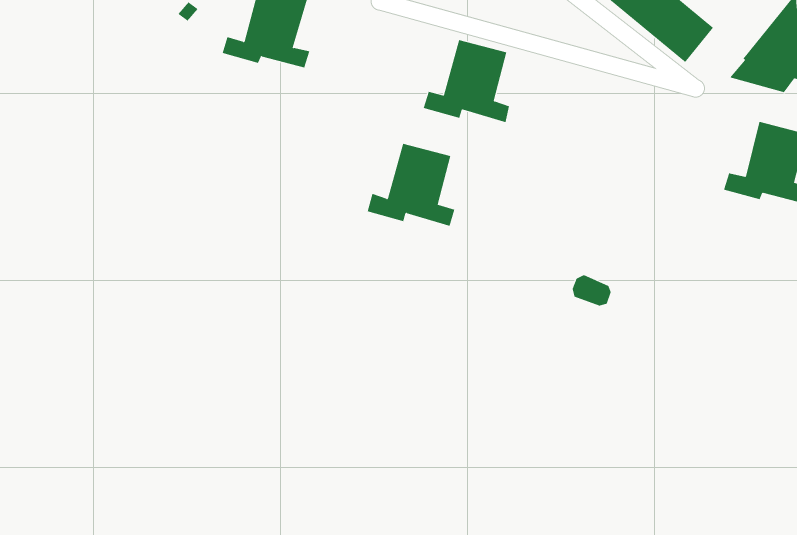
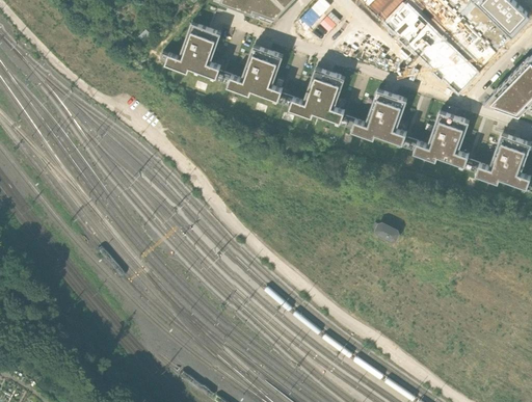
building: none -> [350,89,407,144]
building: none -> [413,112,469,166]
building: [367,143,455,226] -> [227,46,283,101]

